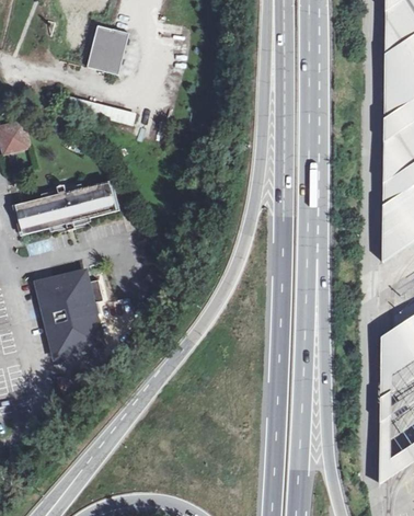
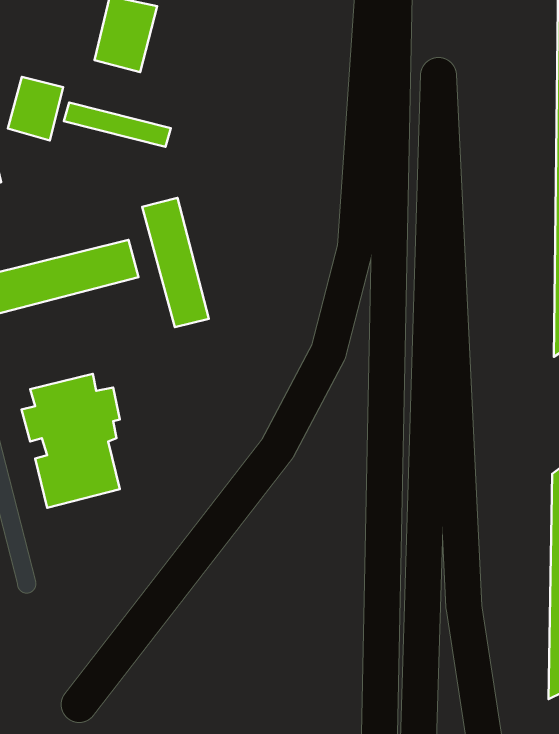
building: none -> [8,77,63,141]
building: none -> [142,198,209,327]

